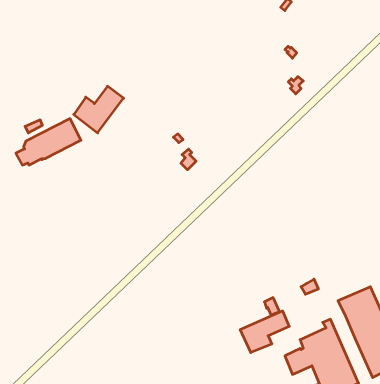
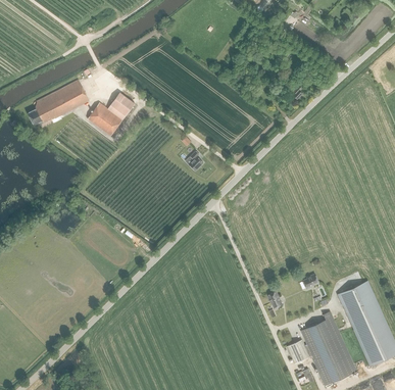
building: [16,119,81,165] -> [28,81,89,125]
building: [240,311,289,353] -> none

